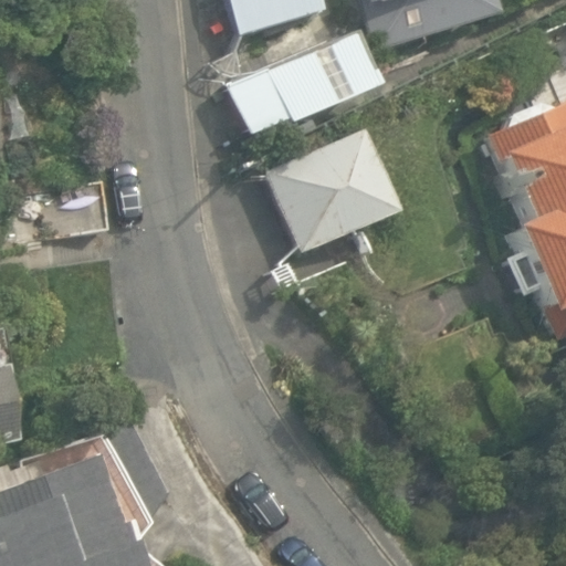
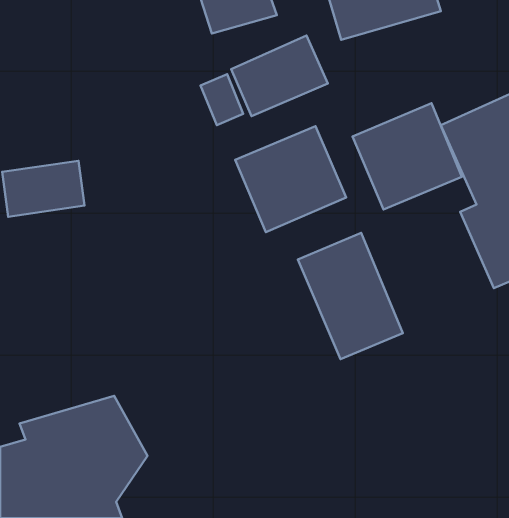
building: none -> [352,103,462,209]
building: none -> [298,233,403,359]

